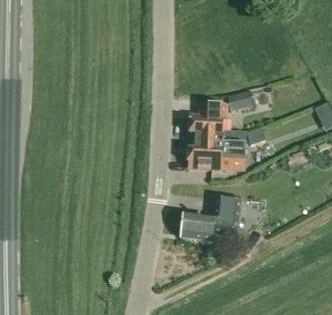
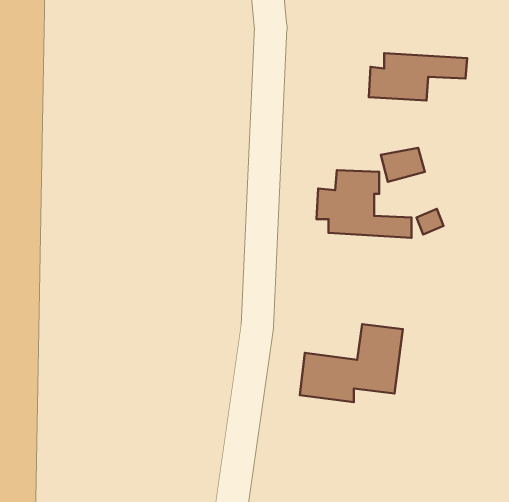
building: [187,141,245,169] -> [369,53,467,101]

